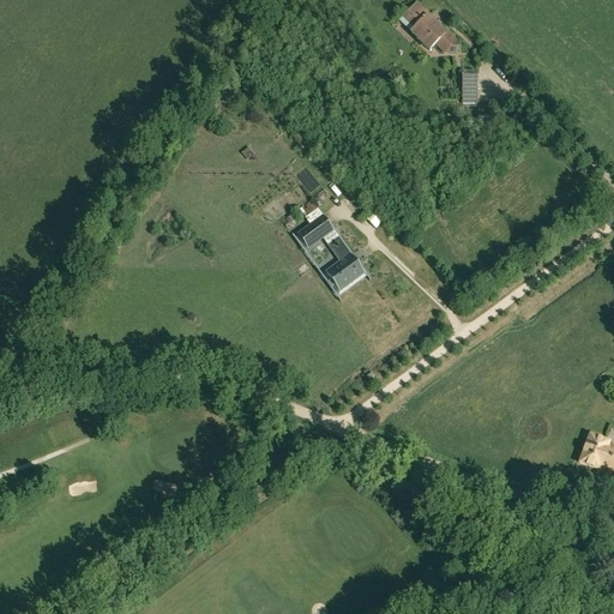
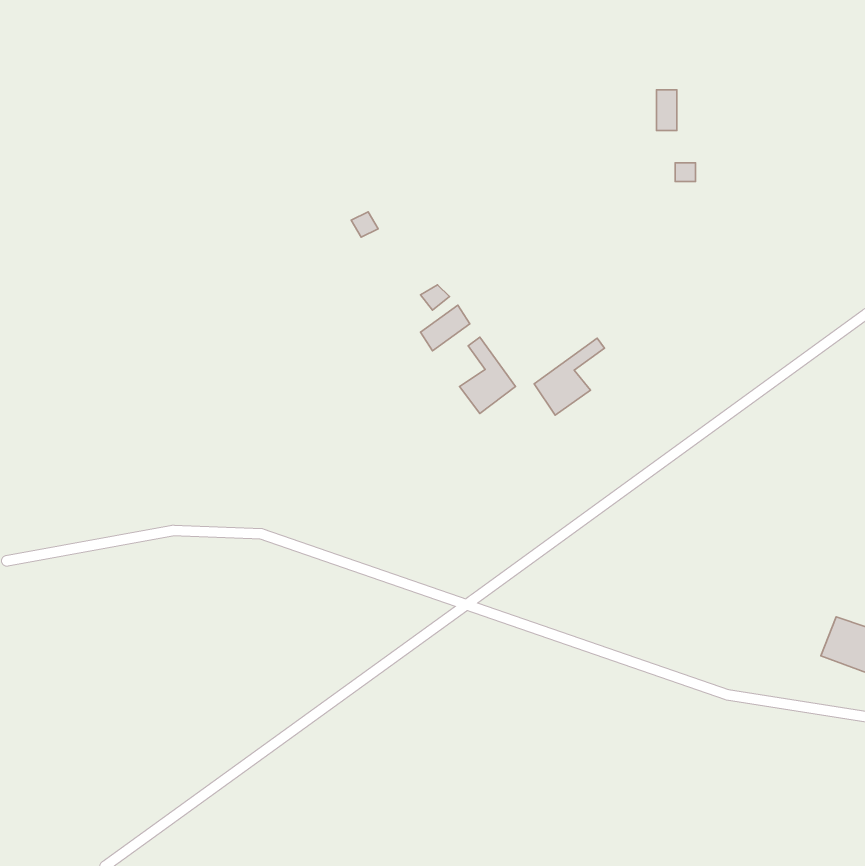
building: [407,7,456,55] -> none
building: none -> [534,338,604,415]

